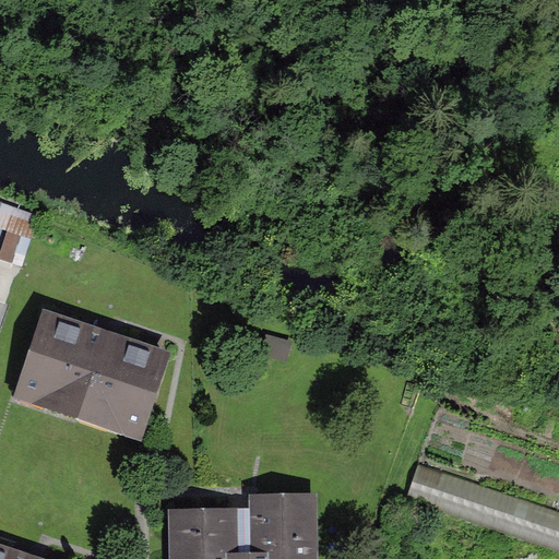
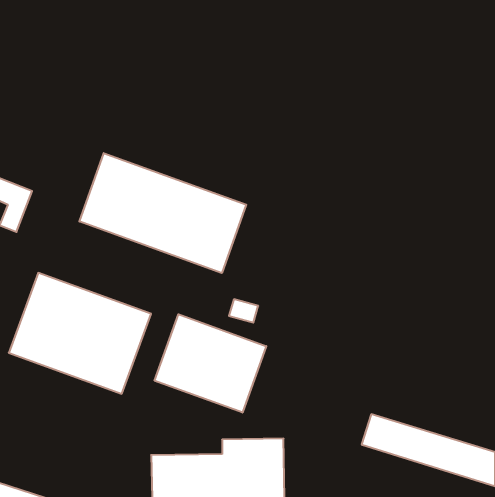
building: none -> [79,153,246,273]
building: none -> [155,314,266,413]

